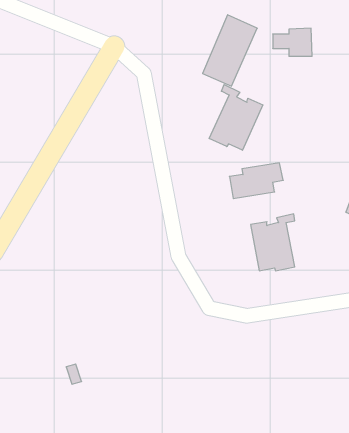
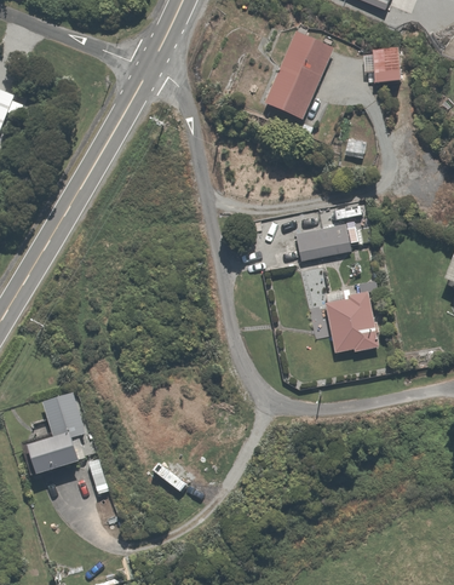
building: [209,85,263,150] -> none
building: none -> [28,391,93,474]

